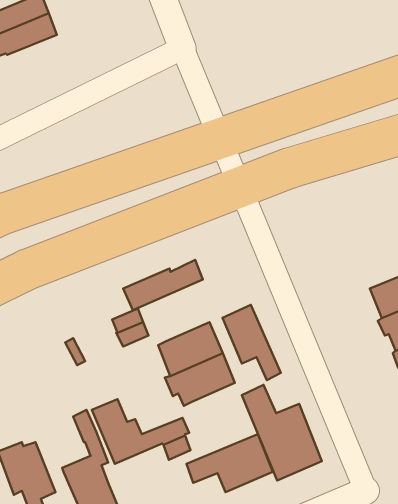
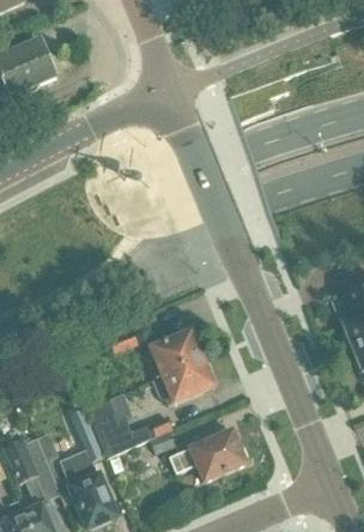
building: [123,260,203,310] -> none
building: [222,305,281,380] -> none
building: [242,385,322,481] -> none

